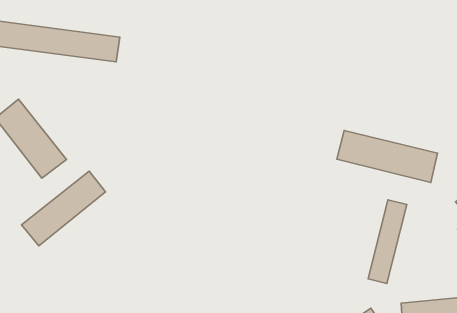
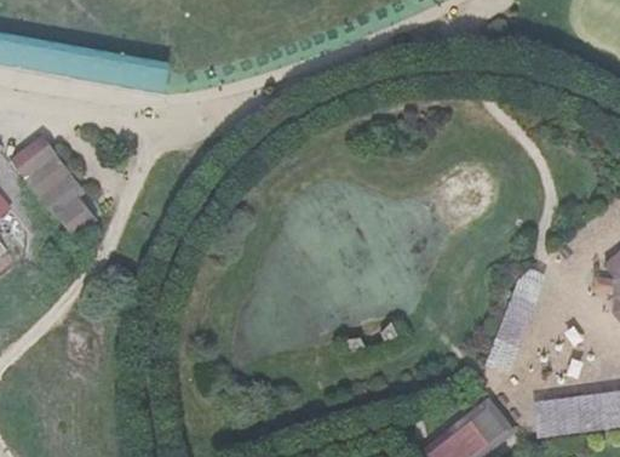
building: [337,131,437,183] -> none
building: [22,171,106,246] -> none

